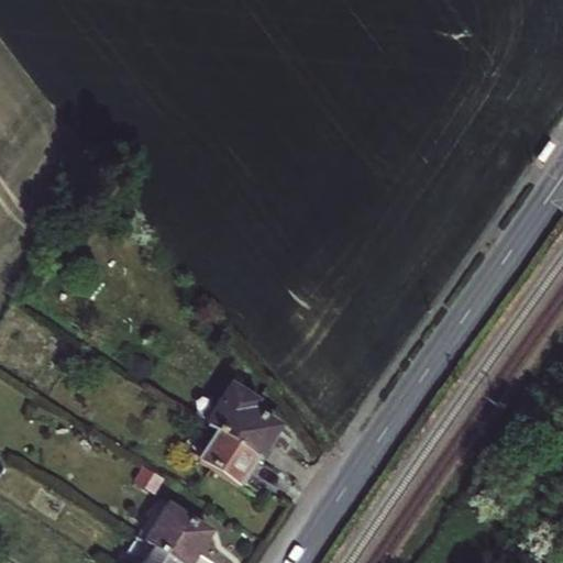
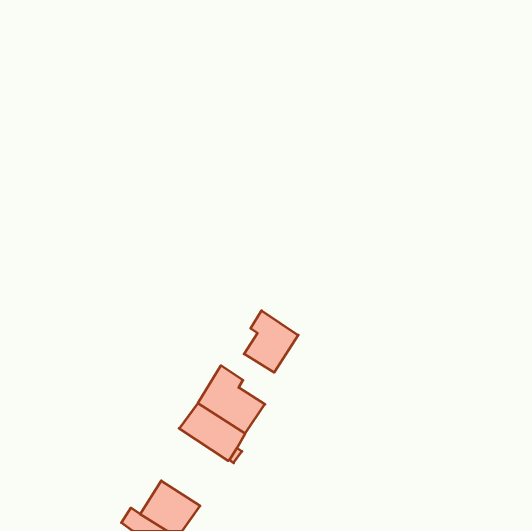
building: none -> [244,311,298,372]

